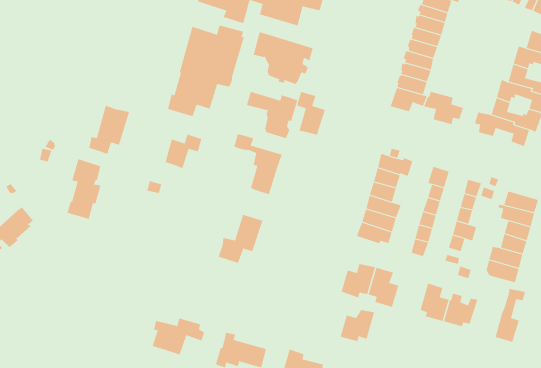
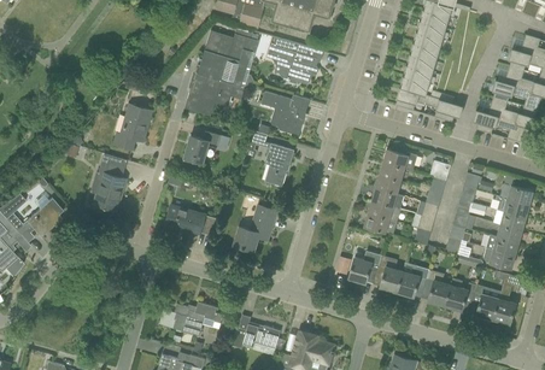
building: [296,91,325,136] -> none
building: none -> [164,206,205,233]
building: none -> [469,284,498,319]
building: [340,310,375,342] -> [397,266,429,296]

